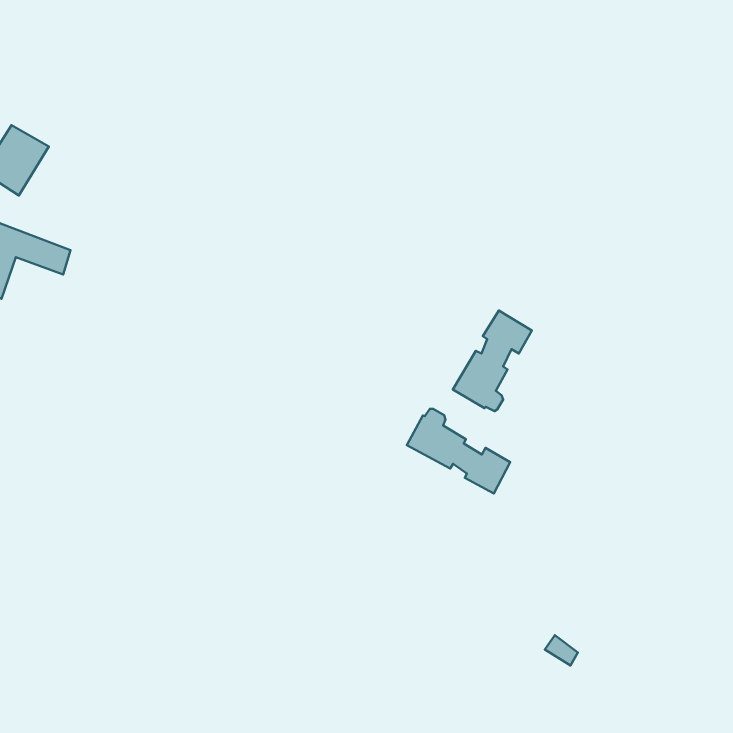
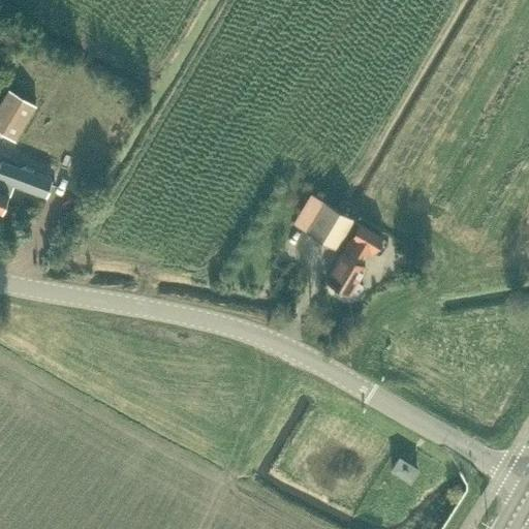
building: none -> [291,193,353,250]
building: [407,409,510,493] -> none

